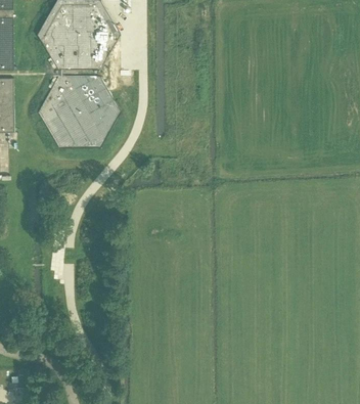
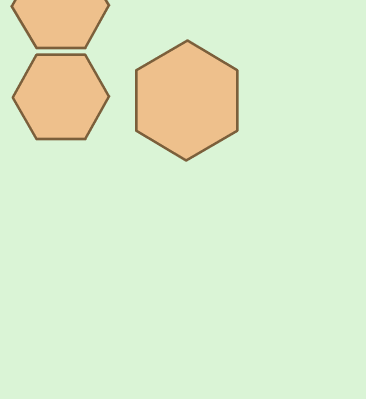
building: none -> [136,41,237,160]

